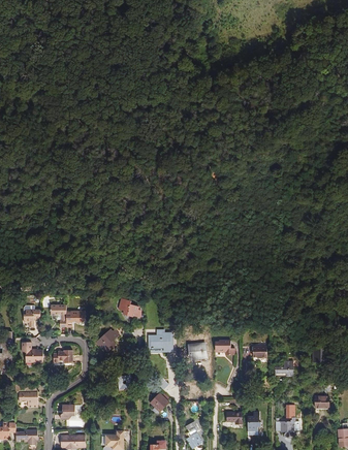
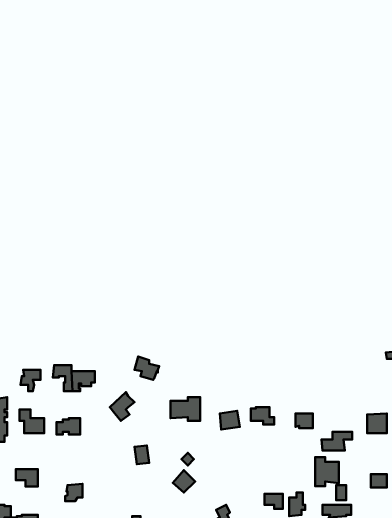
building: none -> [315,457,339,486]

